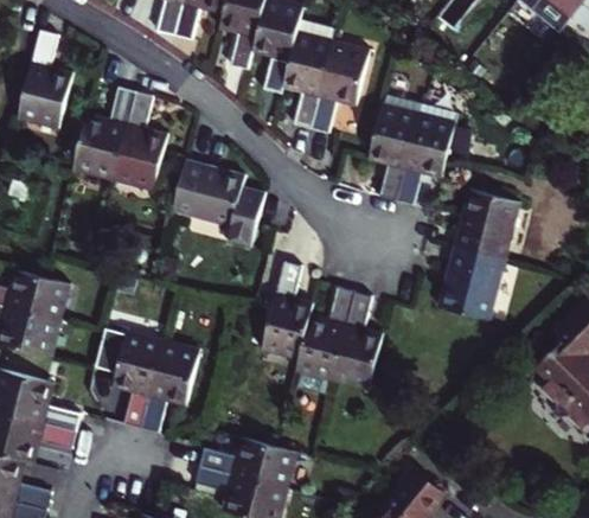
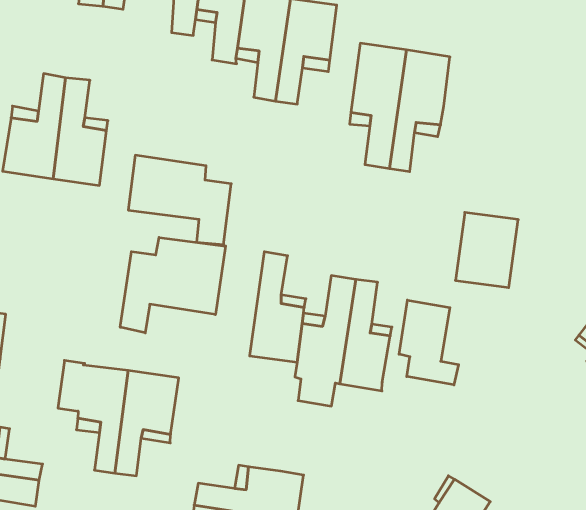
building: [456,190,516,260] -> none
building: none -> [120,237,226,333]
building: none -> [399,300,459,385]

